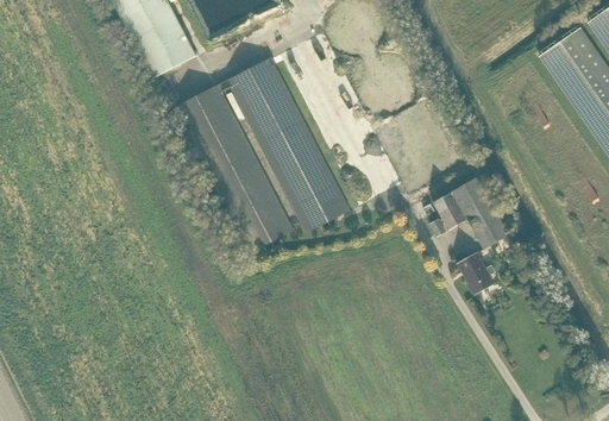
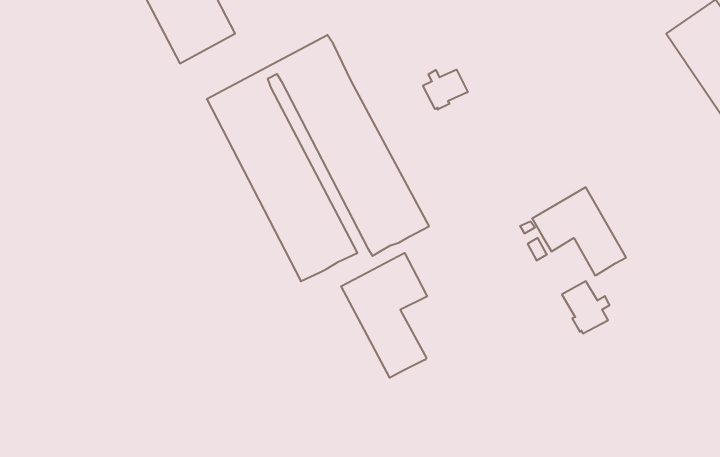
building: none -> [423,70,468,110]
building: none -> [341,253,427,378]

